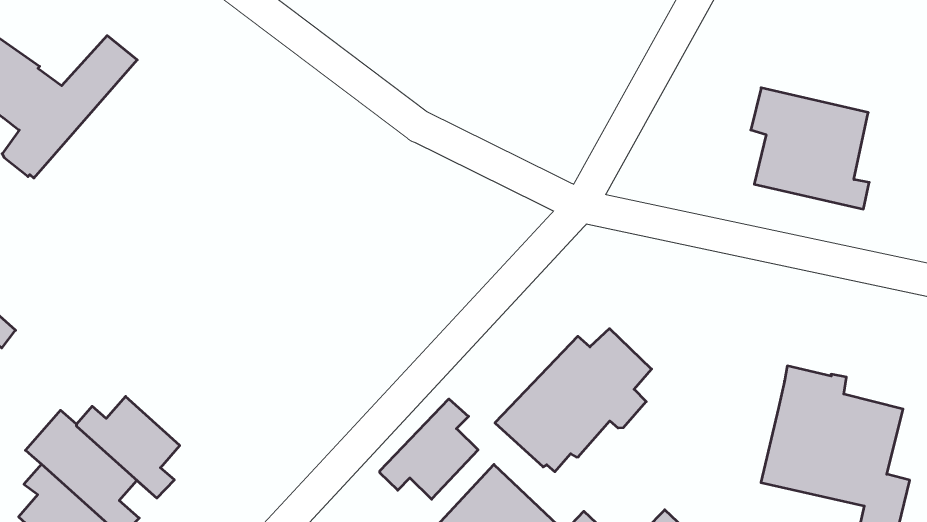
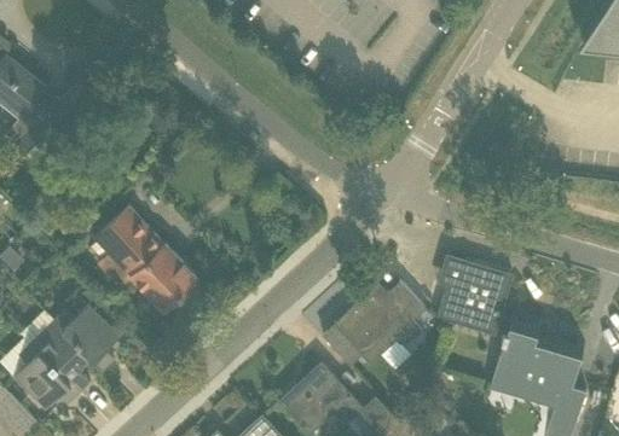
building: [751,88,869,209] -> [435,256,511,338]
building: none -> [93,205,197,313]
building: [380,399,478,499] -> none

